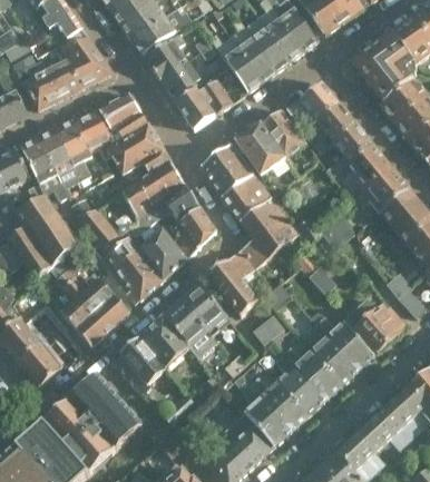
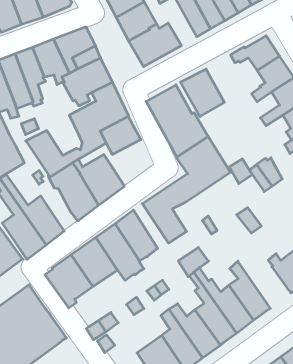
building: [261,110,305,158] -> none
building: [164,207,216,258] -> none
building: [310,311,373,372] -> none

